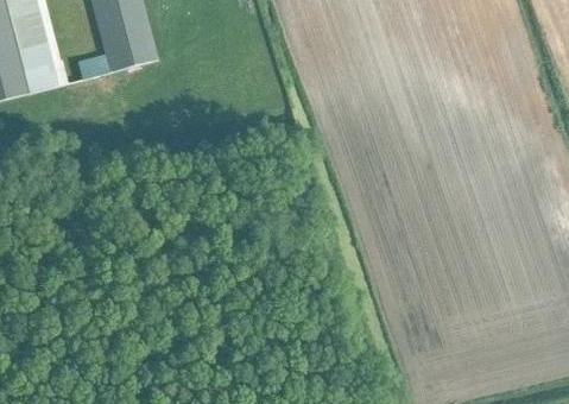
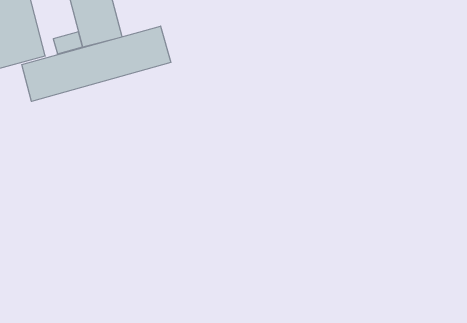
building: none -> [22,26,171,101]

